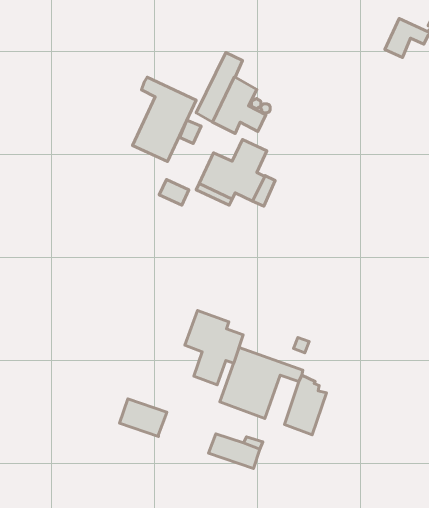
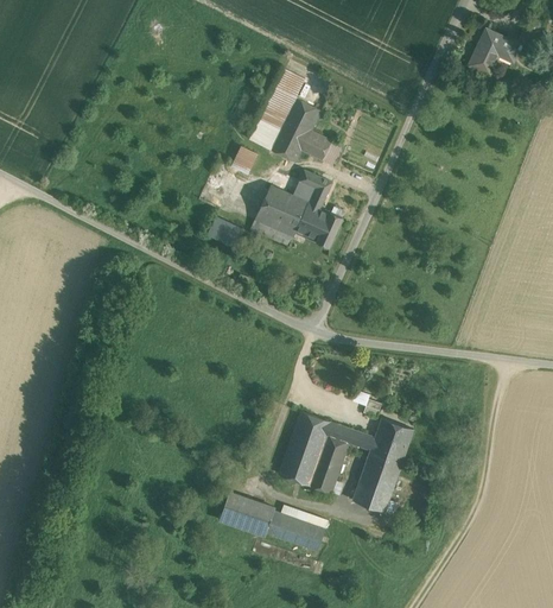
building: [133,77,196,162] -> none
building: [185,311,243,385] -> none
building: none -> [373,418,413,463]
building: [120,399,167,437] -> [220,492,274,536]

